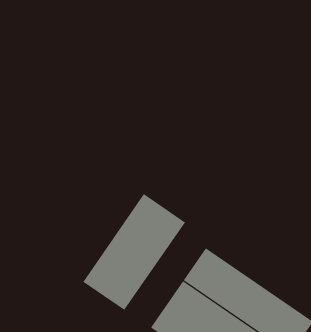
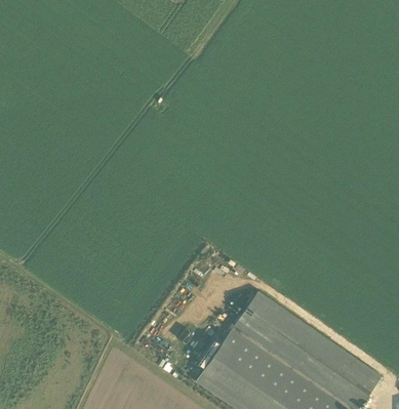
building: [82,193,186,311] -> none

